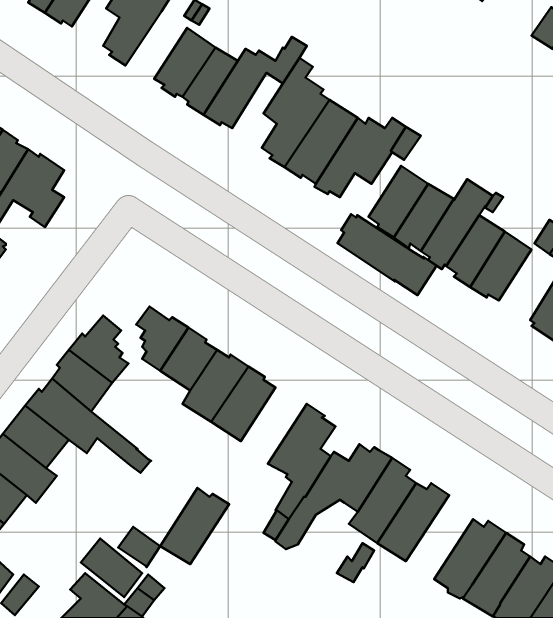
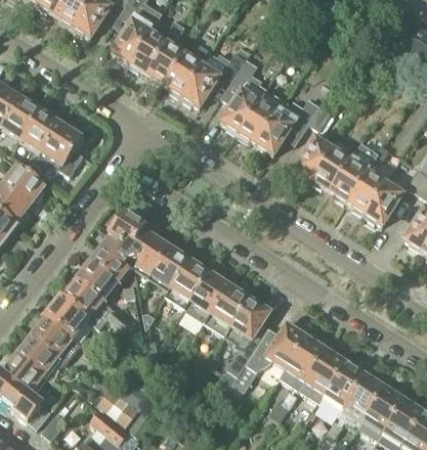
building: none -> [126,27,168,73]
building: [337,214,437,295] -> none
building: none -> [108,207,147,270]
building: [160,488,229,564] -> [203,283,250,335]
building: none -> [317,357,364,414]

